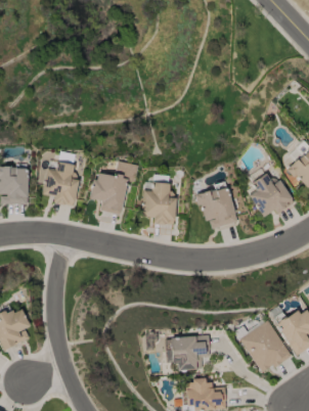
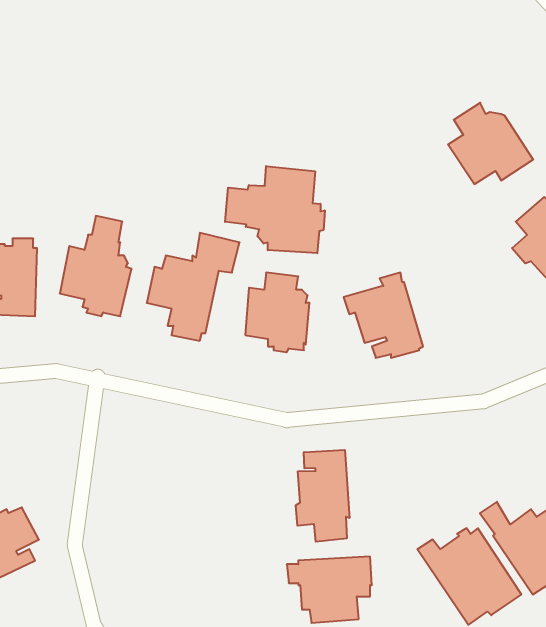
building: none -> [225,166,325,253]
building: [250,173,296,217] -> [448,103,533,184]
building: none -> [296,450,349,542]

